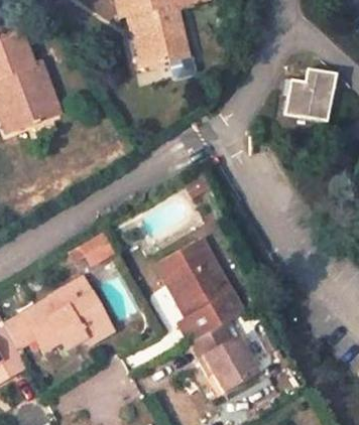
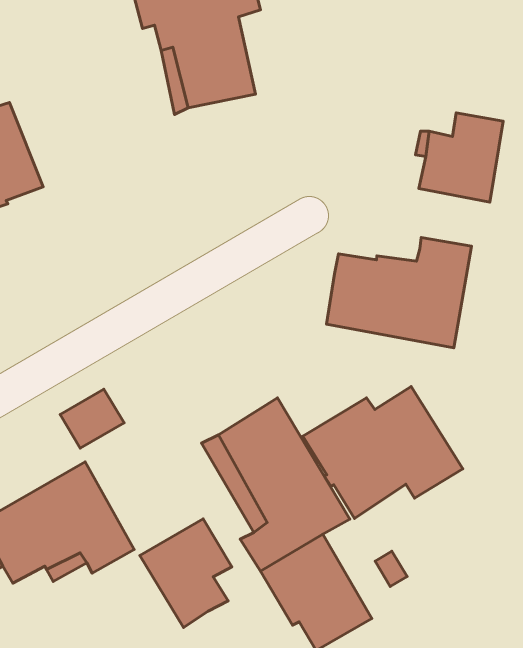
building: none -> [326,237,471,348]
building: none -> [303,387,463,518]
building: none -> [140,519,232,627]

